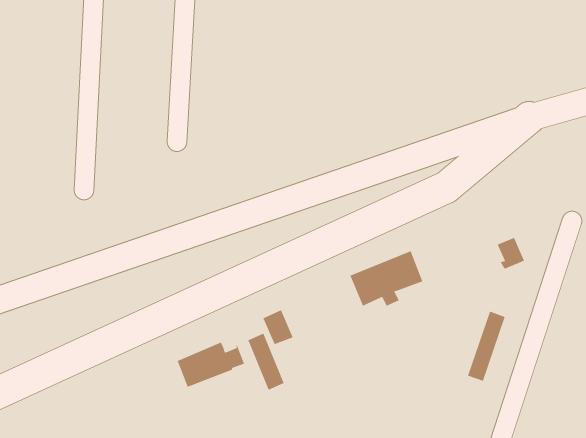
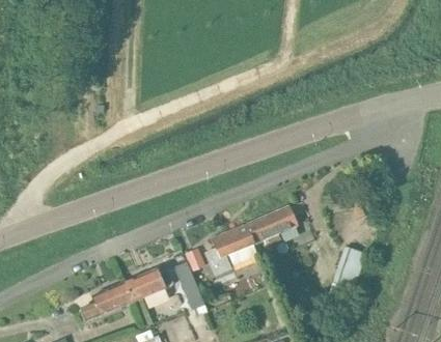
building: none -> [208,222,256,272]
building: none -> [83,282,133,320]

